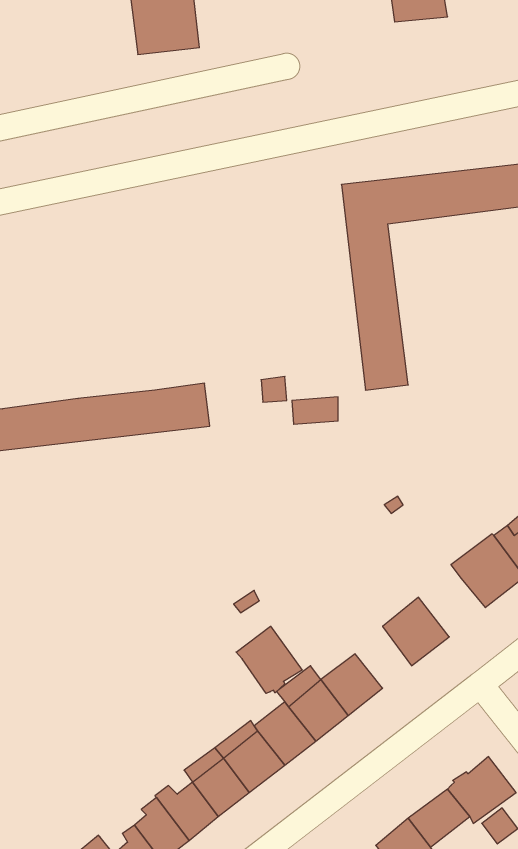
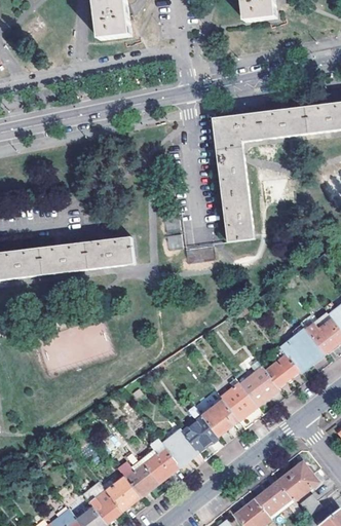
building: none -> [264,354,300,389]
building: [236,626,302,693] -> none
building: none -> [220,383,256,420]

